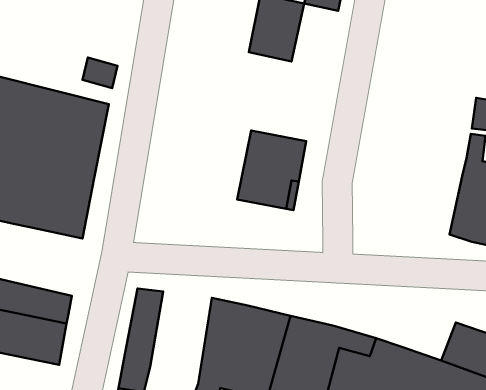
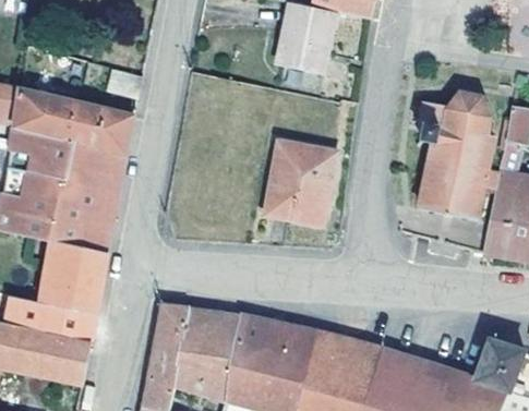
building: none -> [416,93,501,218]
building: none -> [39,241,106,312]
building: none -> [176,307,239,402]

